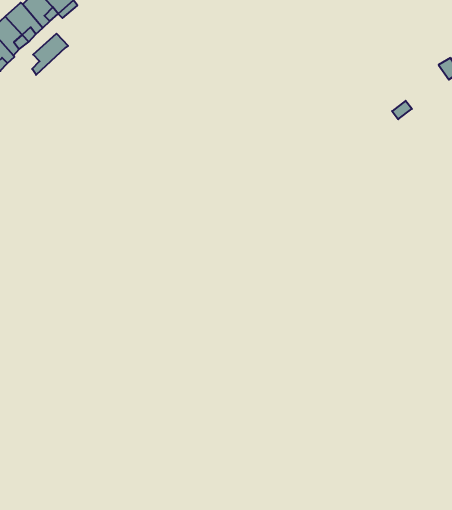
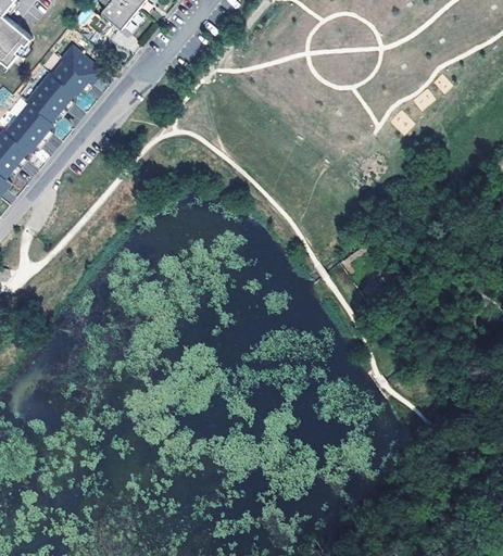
building: [32,34,68,75] -> none

